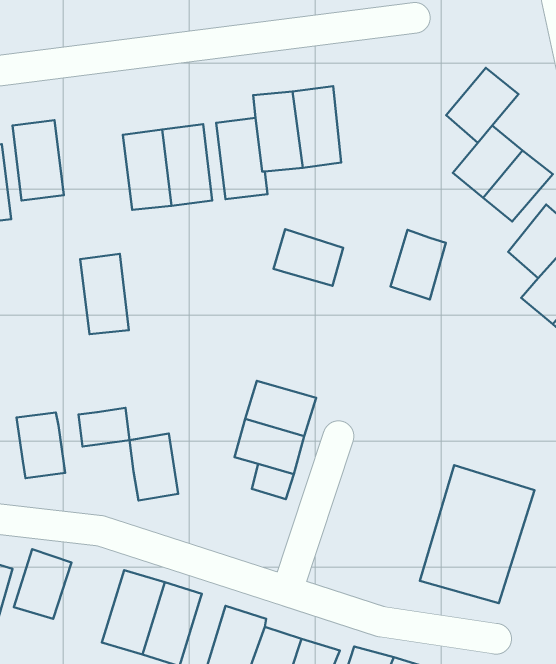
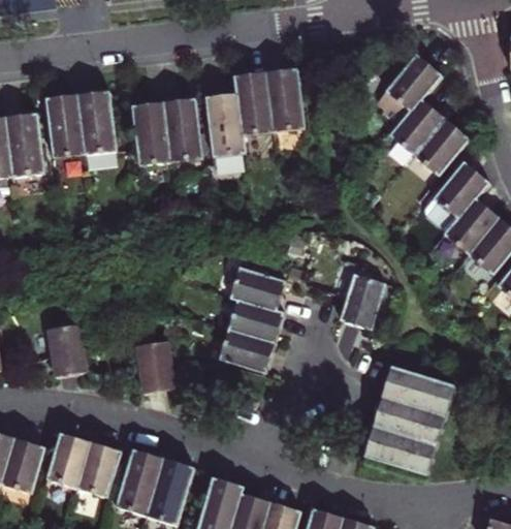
building: [273,229,343,286] -> [230,267,285,311]
building: [390,230,446,300] -> [342,274,385,329]
building: [80,254,129,334] -> [78,91,117,154]
building: [79,408,129,447] -> none
building: none -> [77,442,121,496]

